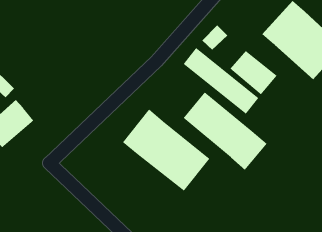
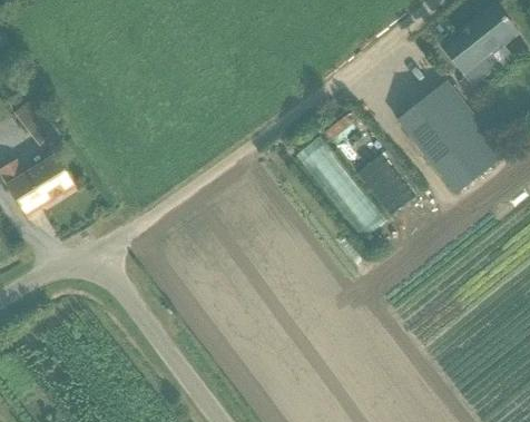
building: [183,92,267,171] -> none
building: [122,109,210,192] -> none

